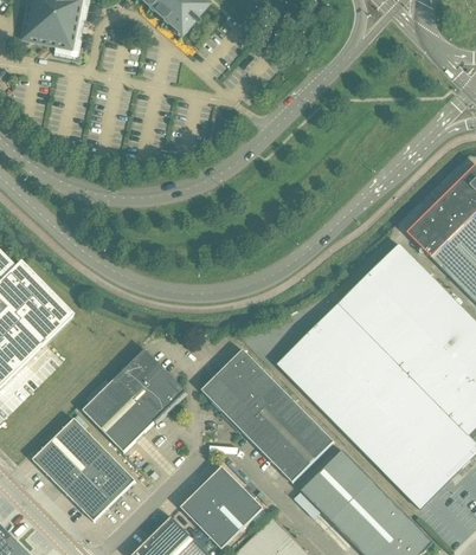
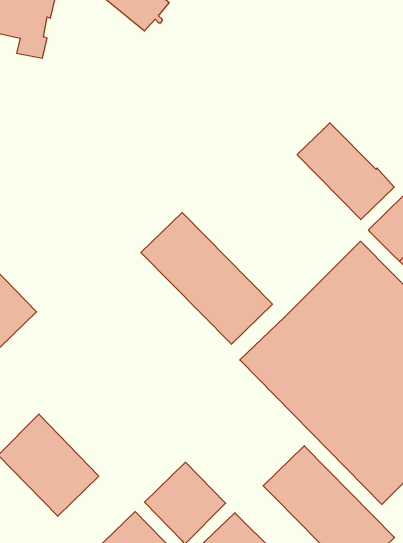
building: none -> [298,123,394,220]
building: [82,349,185,452] -> none
building: [200,349,333,482] -> [141,213,272,344]

